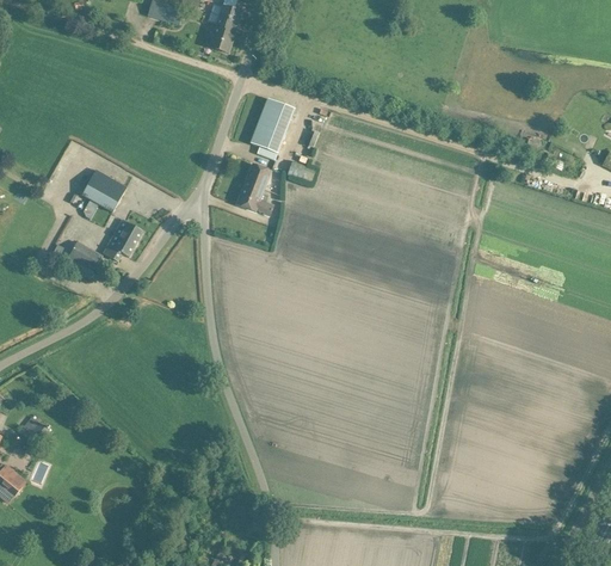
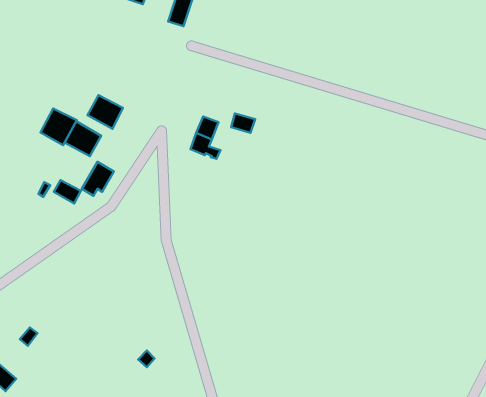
building: [249,97,294,153] -> none
building: none -> [87,95,123,129]
building: none -> [40,108,77,145]

